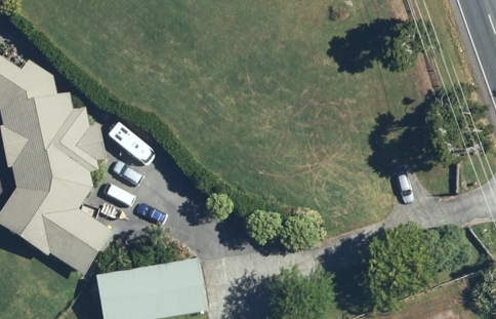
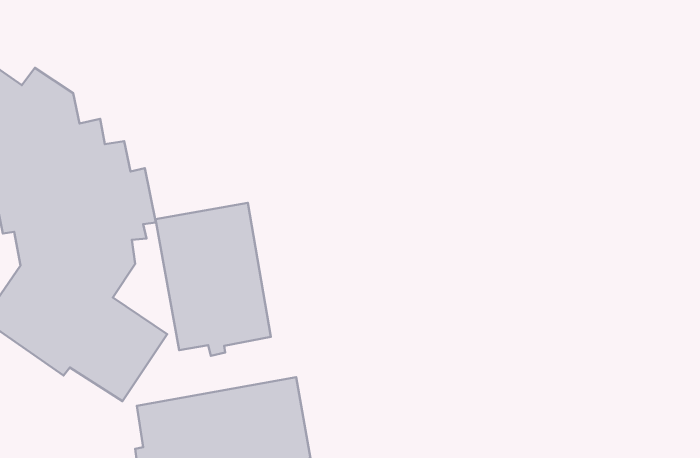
building: none -> [155,203,271,356]

